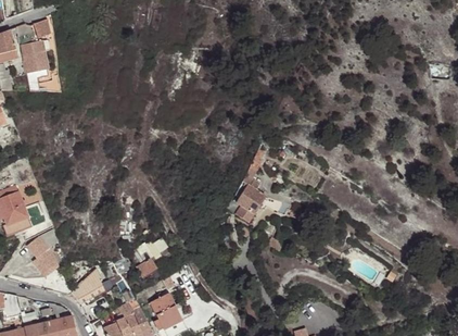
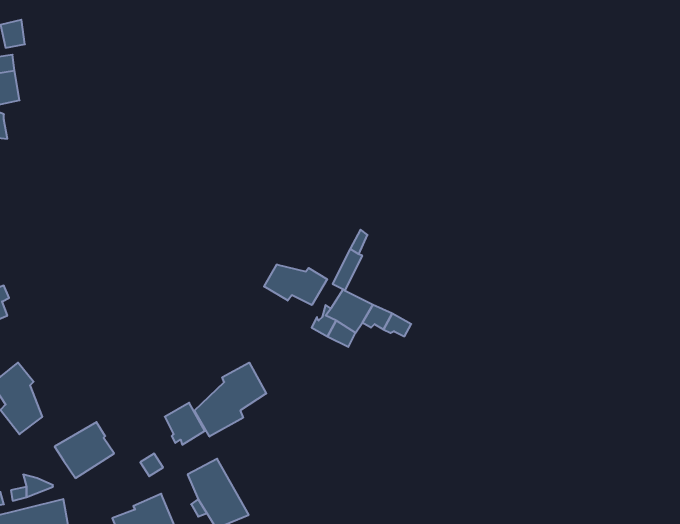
building: none -> [264,264,327,305]
building: none -> [194,363,266,437]

